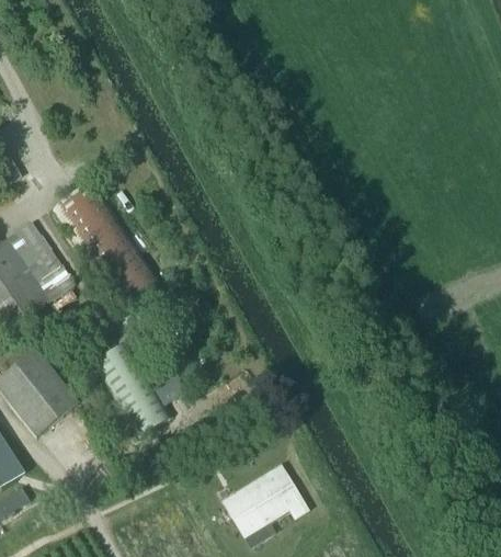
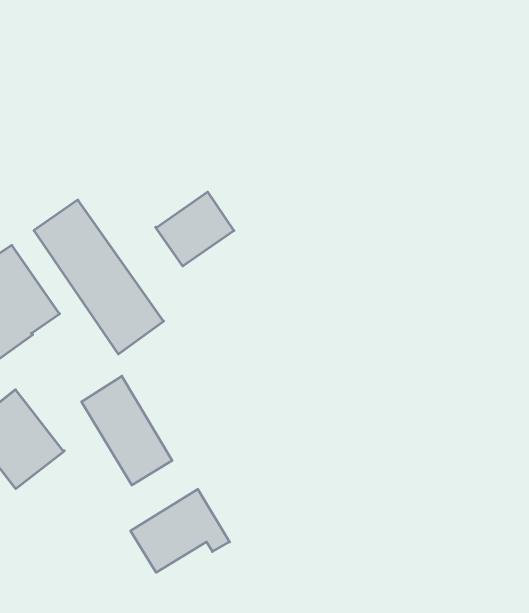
building: none -> [156,192,234,266]
building: [221,462,310,536] -> [131,489,230,572]

